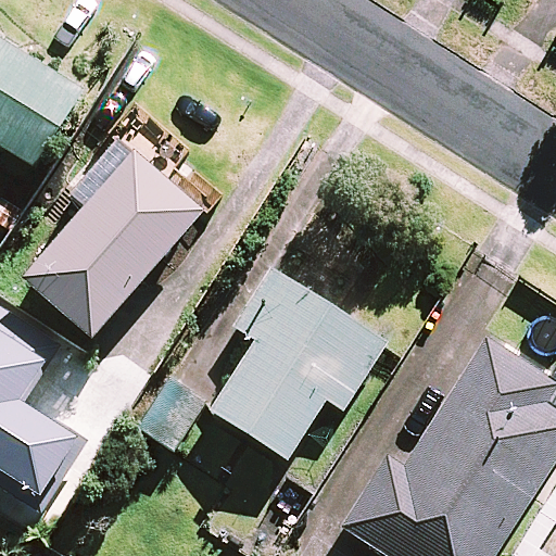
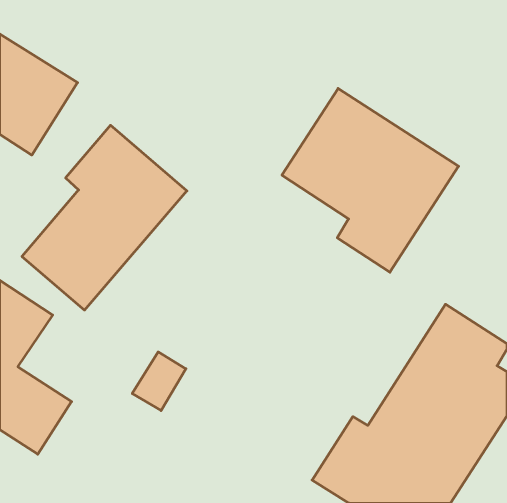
building: none -> [282,88,459,272]
building: [211,268,386,458] -> none

